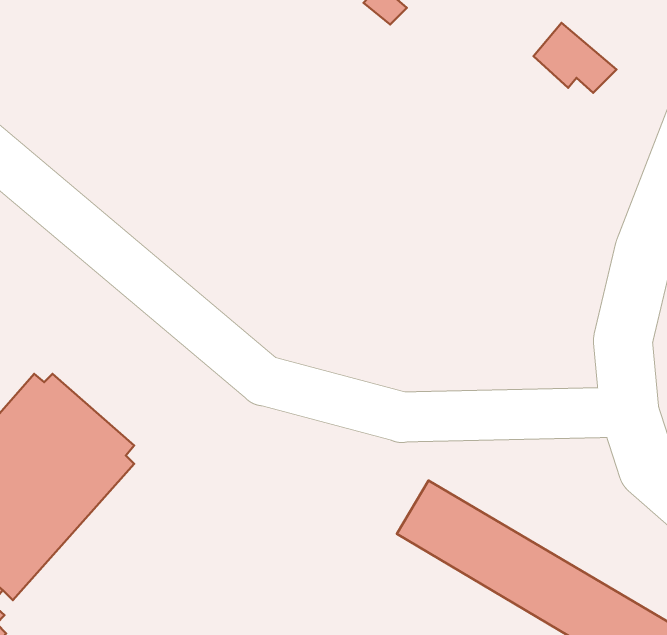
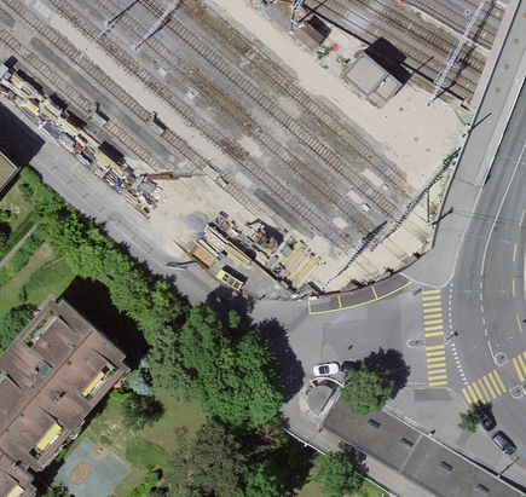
building: [533,23,616,93] -> [343,52,404,103]

